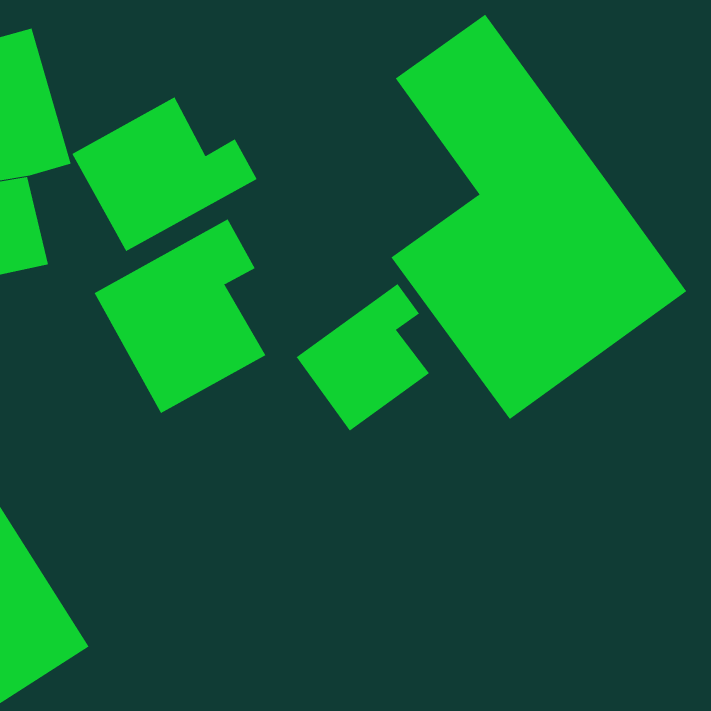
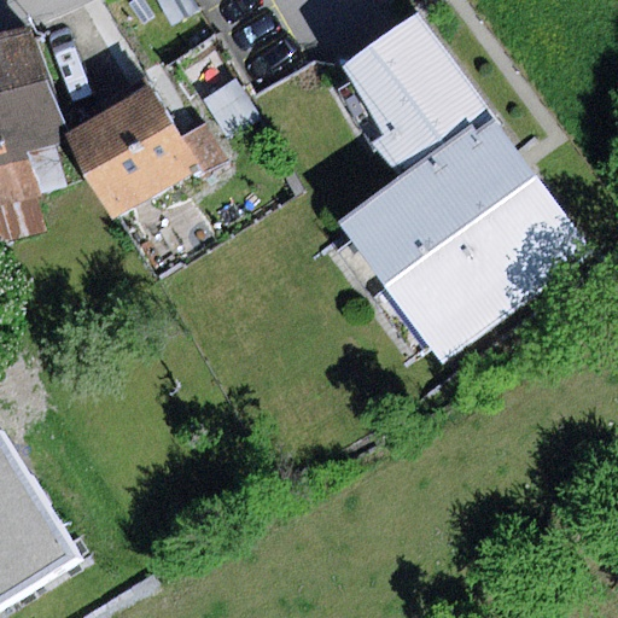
building: [94,219,266,414] -> none
building: [296,283,430,431] -> none

